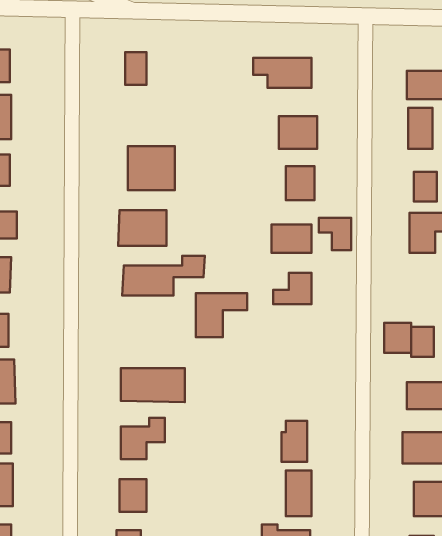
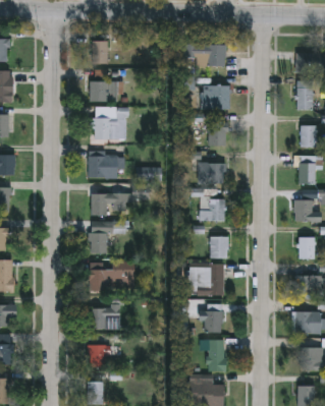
building: none -> [91,81,121,102]
building: [319,218,351,250] -> none
building: [196,293,247,337] -> [90,222,126,253]
building: [384,323,411,353] -> [293,200,313,222]
building: none -> [210,236,228,258]
building: none -> [197,265,224,296]

